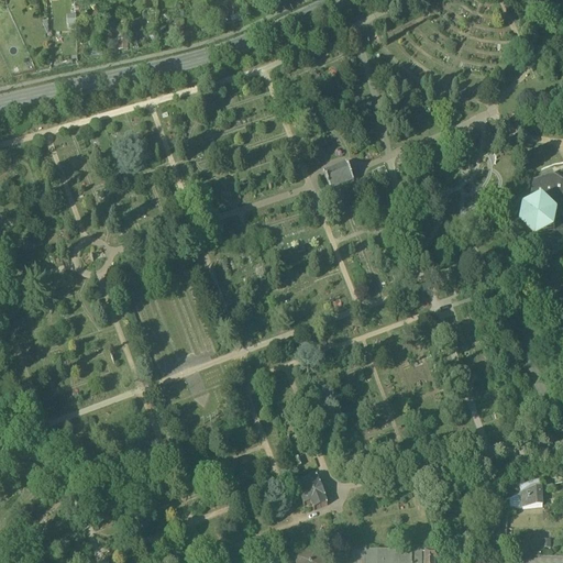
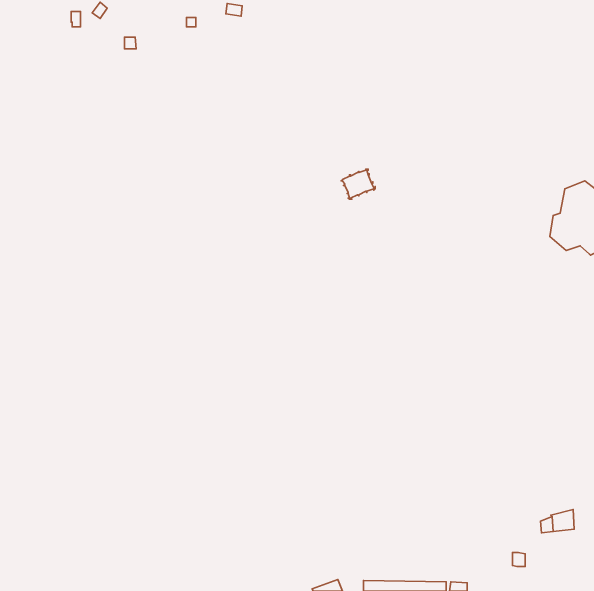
building: [300,475,329,509] -> none

